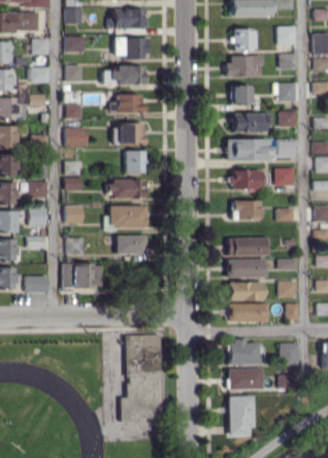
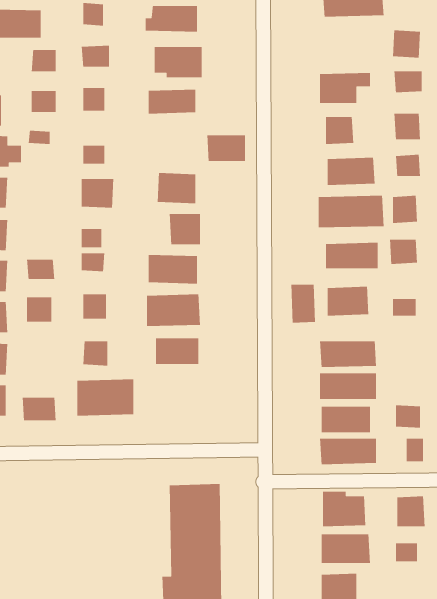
building: [234,29,255,51] -> none
building: [117,94,143,112] -> [206,134,246,162]
building: none -> [290,284,316,324]

